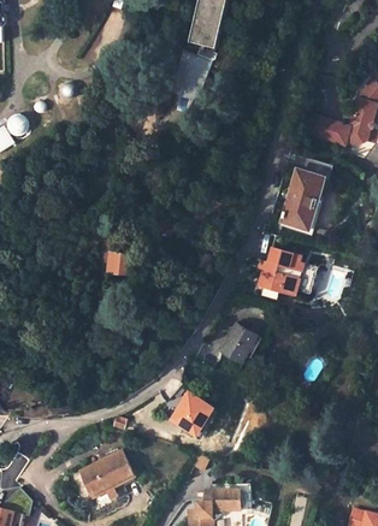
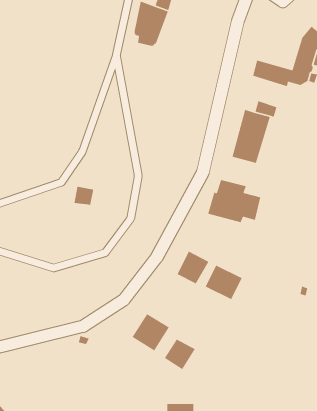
building: none -> [204,264,243,300]
building: none -> [164,338,196,370]
building: [78,450,132,495] -> none

